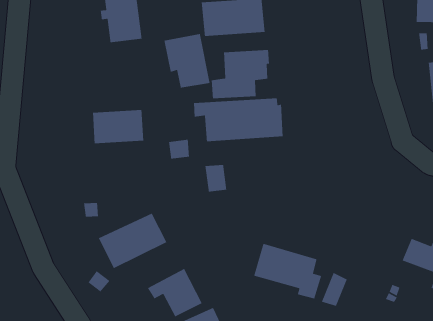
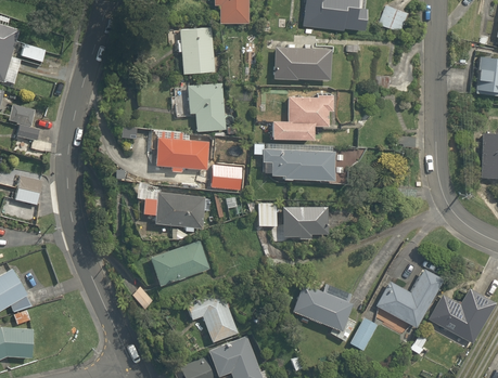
building: [164,33,210,89] -> [187,83,226,133]
building: none -> [282,207,330,239]
building: none -> [143,191,212,230]
building: none -> [376,270,445,329]

